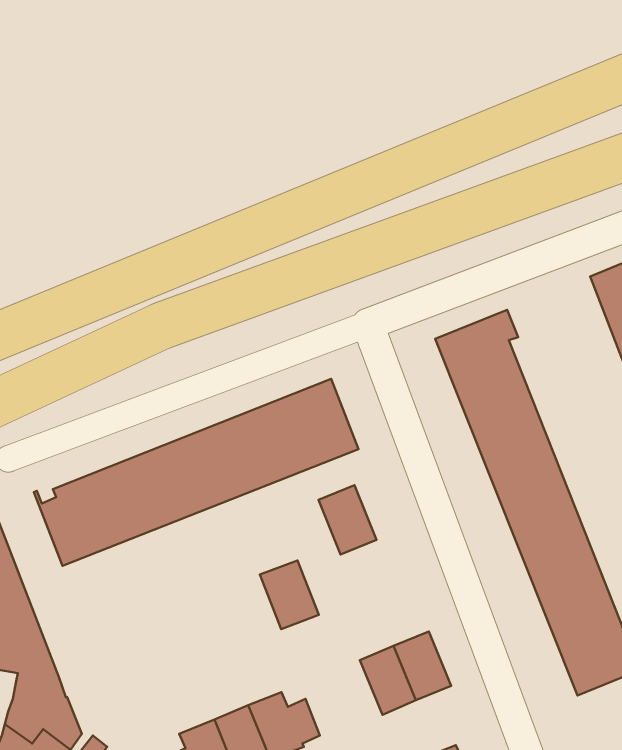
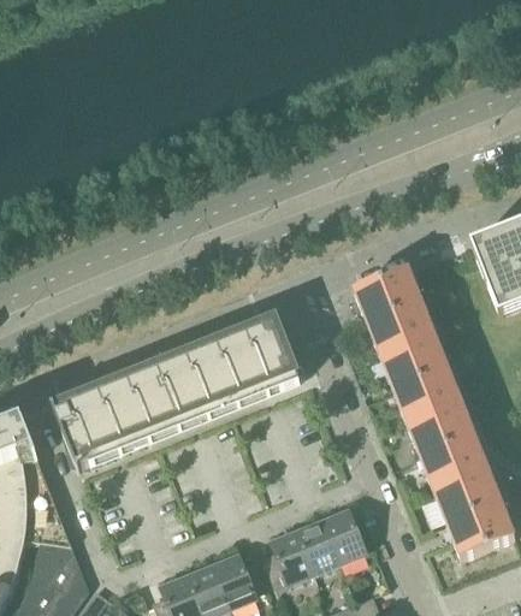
building: [319,485,376,554] -> none
building: [260,560,319,629] -> none
building: none -> [264,531,315,585]

